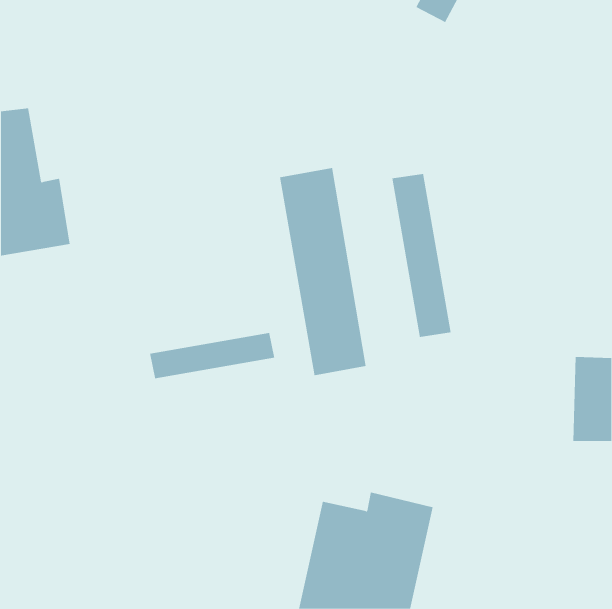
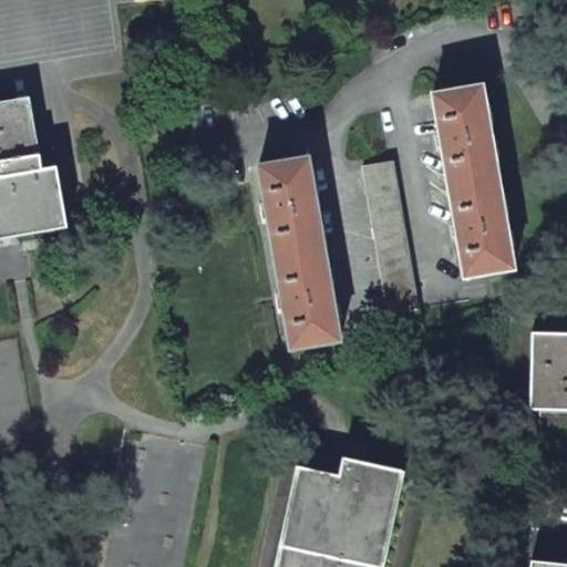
building: none -> [432,83,514,277]
building: [150,332,275,379] -> none

